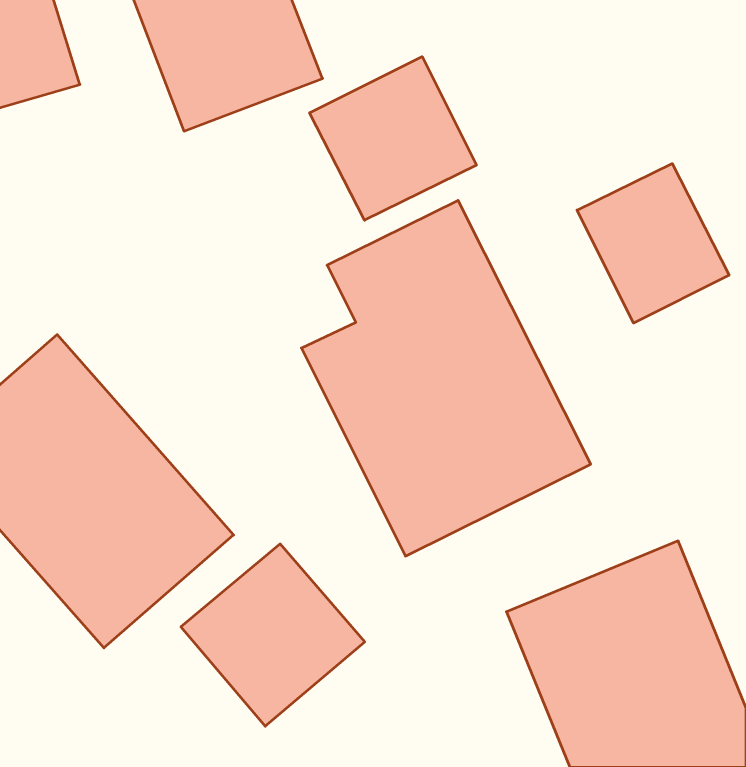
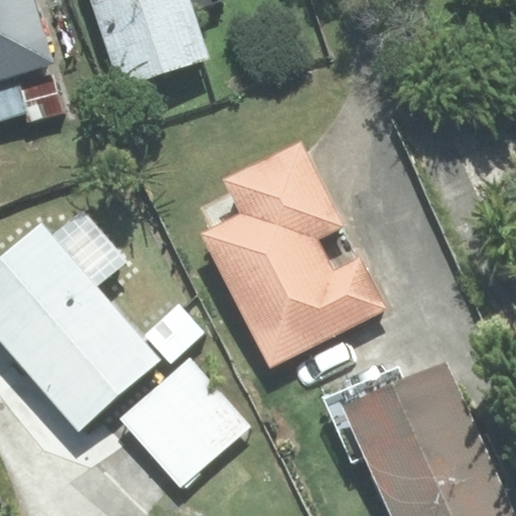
building: [310,57,476,220] -> none
building: [577,164,729,323] -> none

